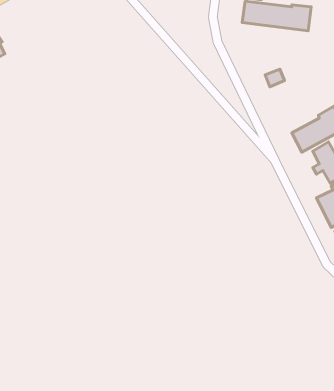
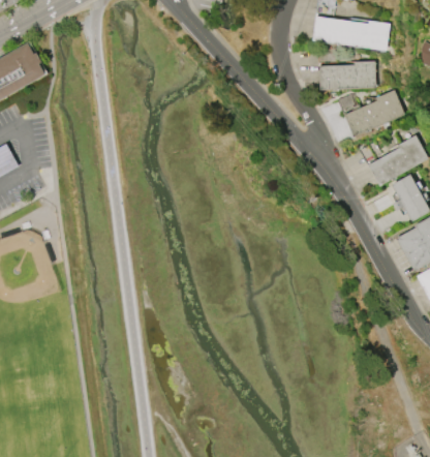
building: none -> [318,61,375,90]
building: none -> [343,90,404,136]

